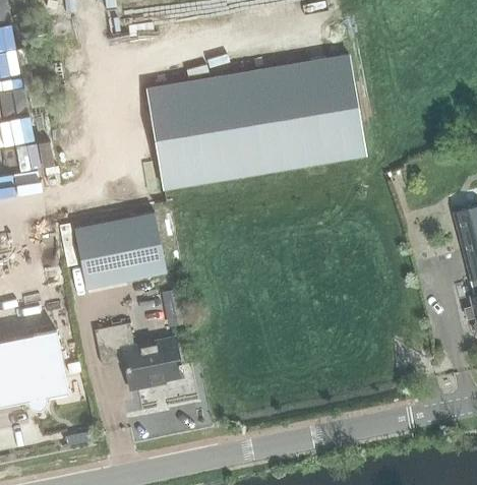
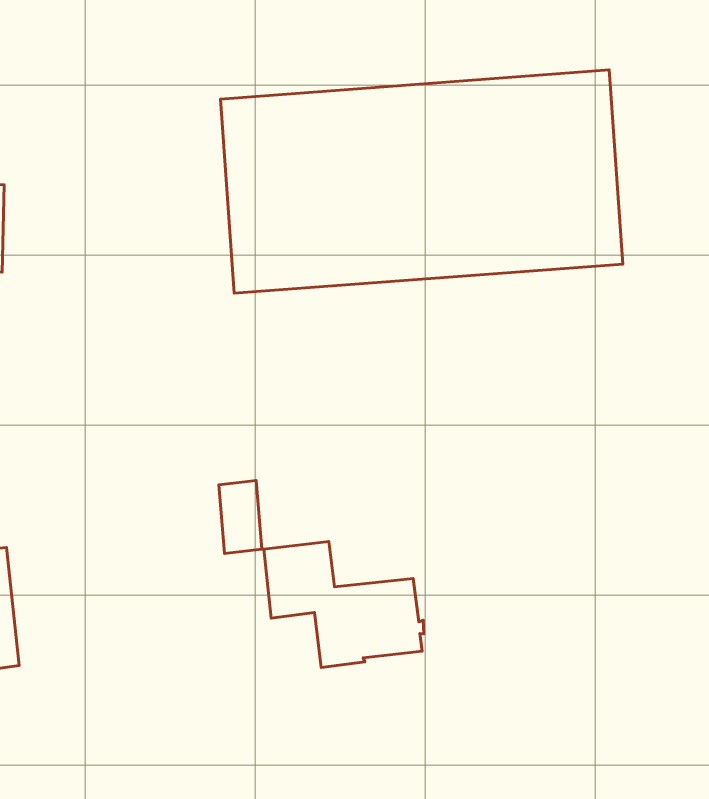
building: [73,213,166,289] -> none
building: [95,324,182,390] -> [264,542,424,668]

